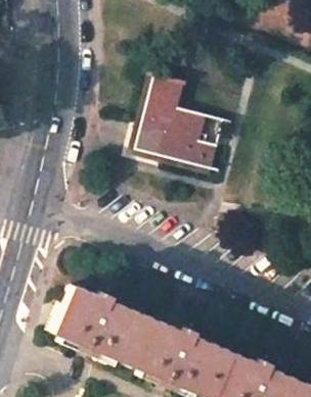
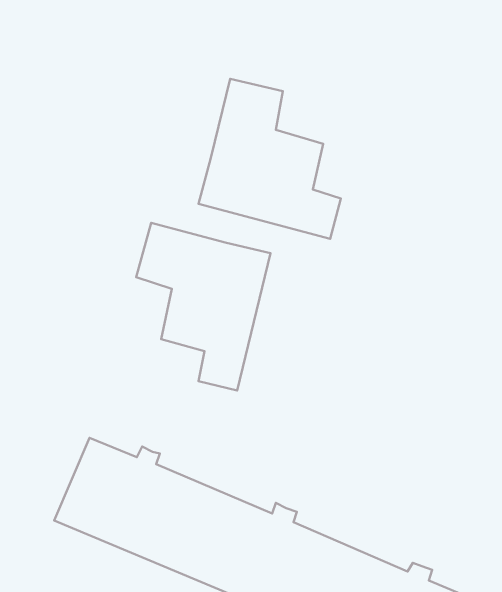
building: none -> [136,223,270,391]

